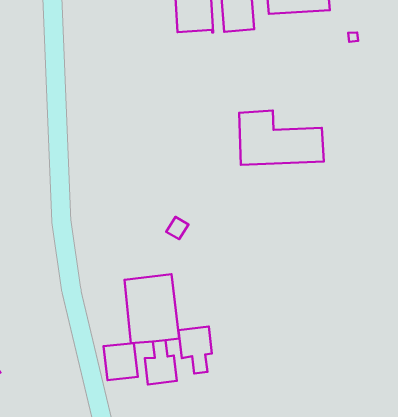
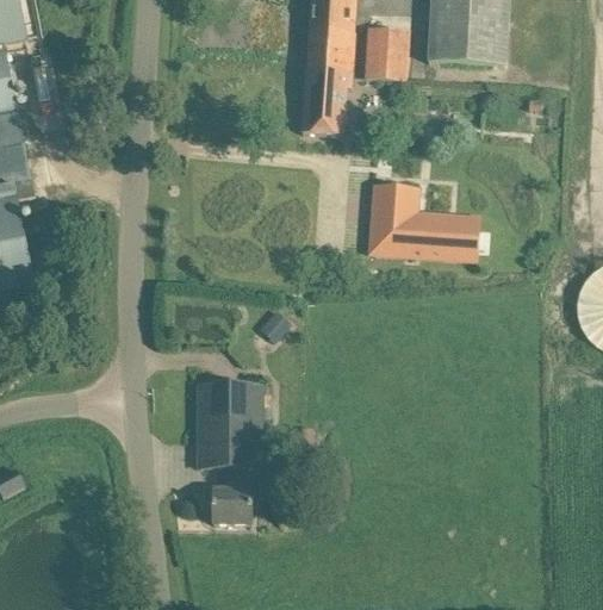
building: none -> [302,69,352,135]
building: [178,326,212,373] -> none
building: [103,343,138,380] -> none

